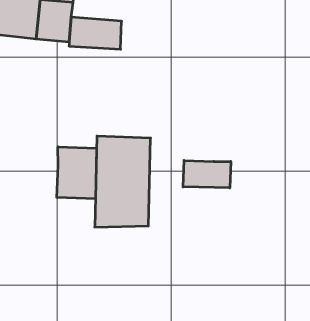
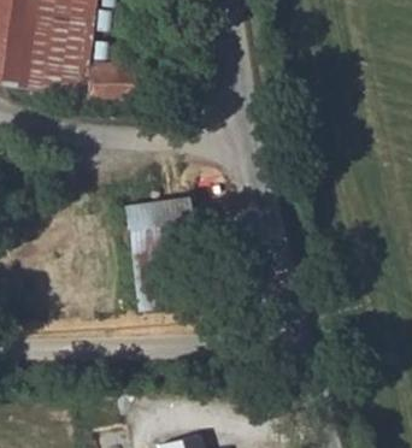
building: [57,147,97,199] -> none
building: [183,160,231,188] -> none

